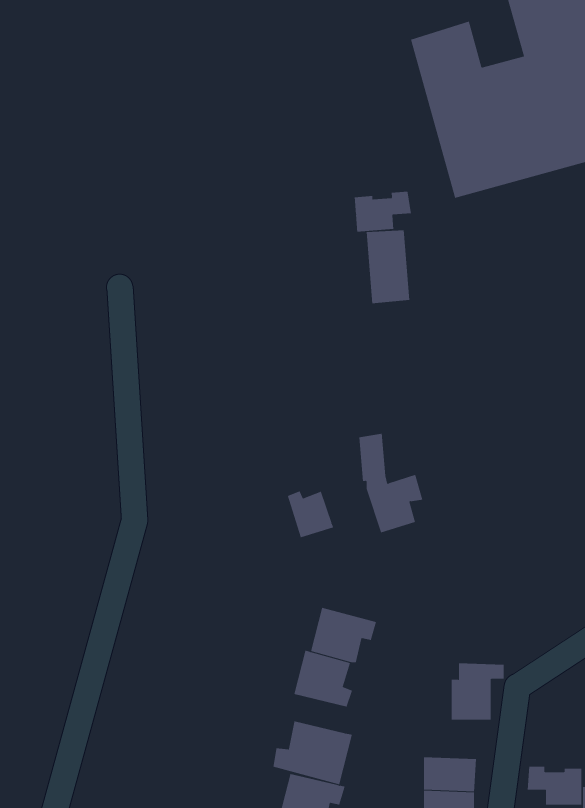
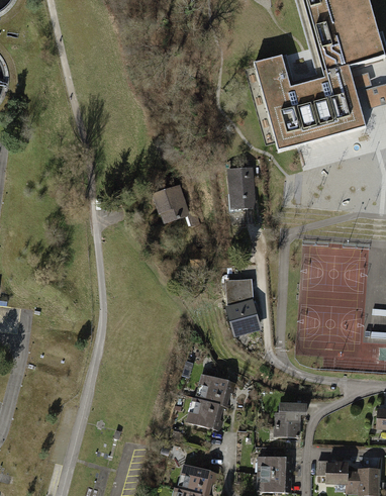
building: [354,191,411,232] -> none
building: none -> [152,184,189,220]
building: [287,490,334,538] -> none
building: [273,721,353,785] -> none

